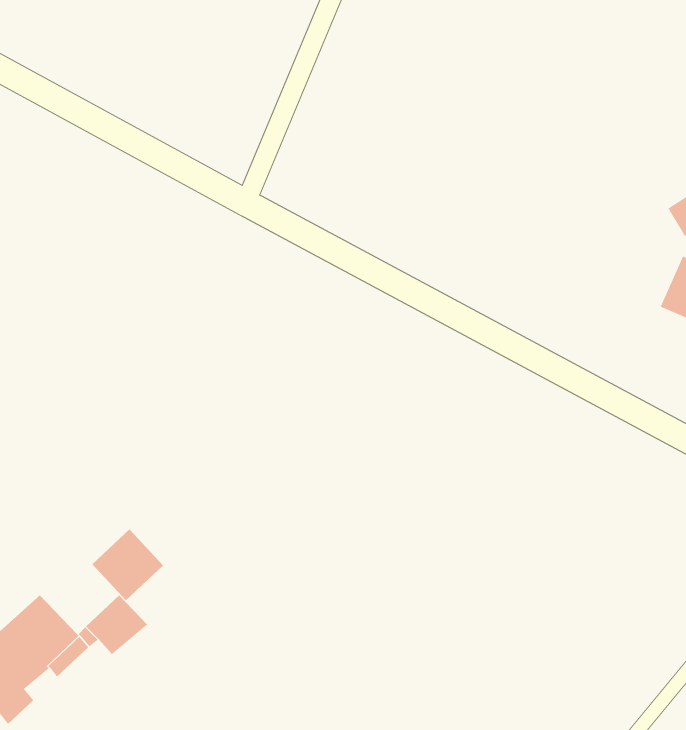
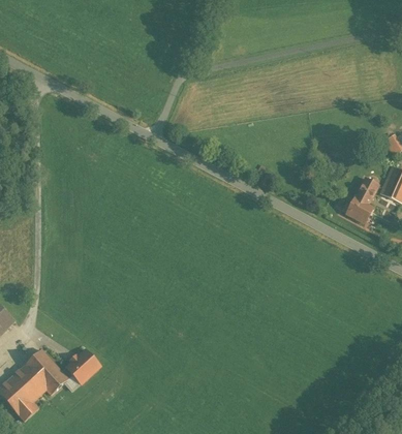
building: none -> [342,177,378,222]
building: [92,528,164,601] -> none

